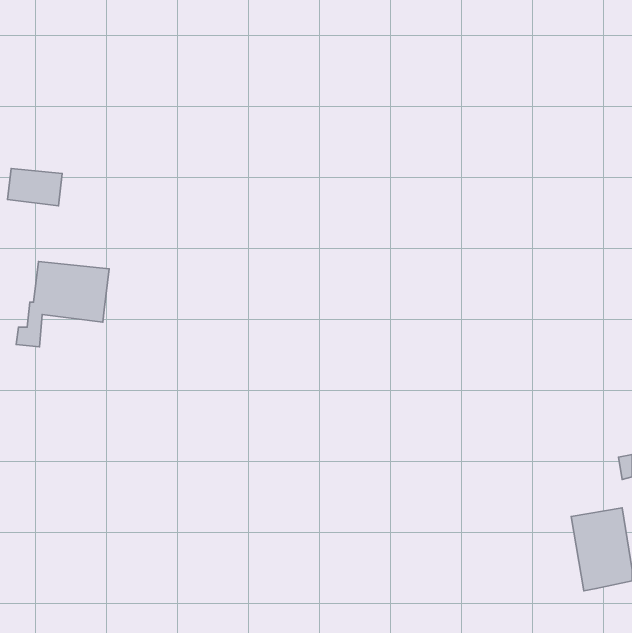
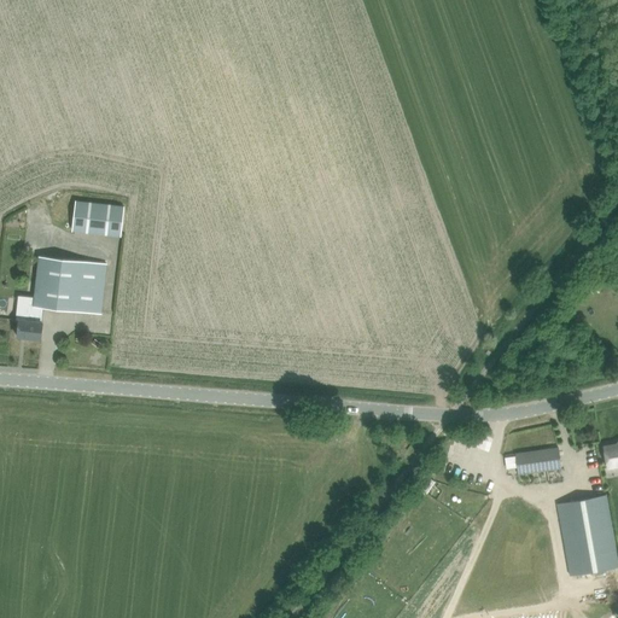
building: [8,169,62,206] -> [70,200,123,237]
building: none -> [514,447,560,474]

